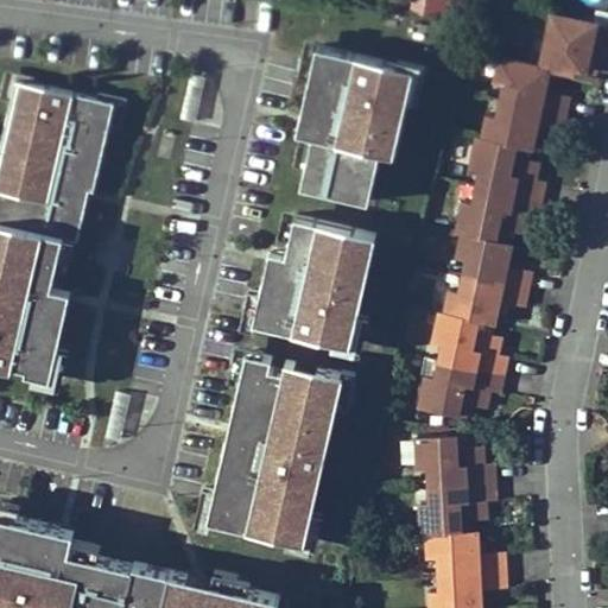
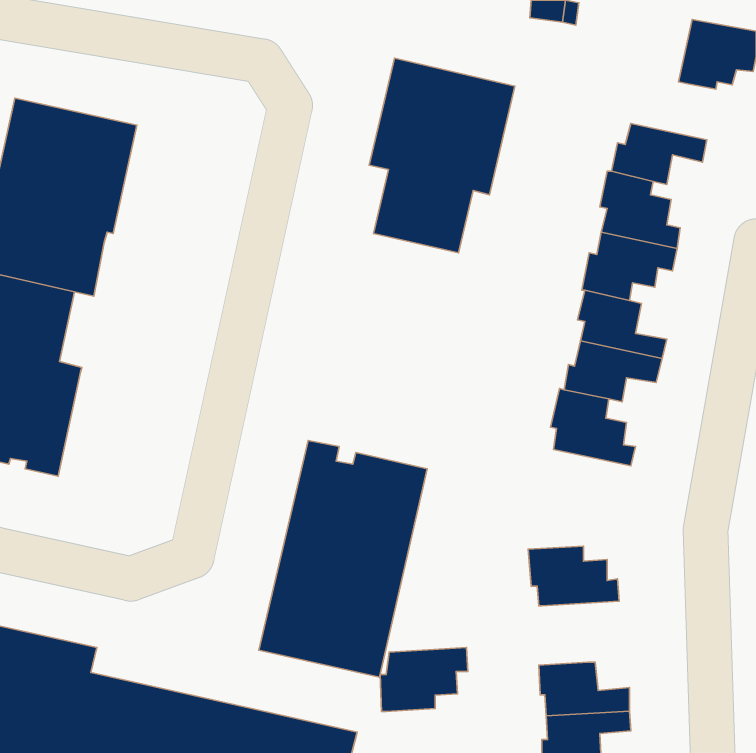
building: [500,64,568,118] -> none
building: [252,223,373,350] -> none
building: [425,365,504,424] -> none
building: [425,486,495,537] -> [380,648,468,712]

